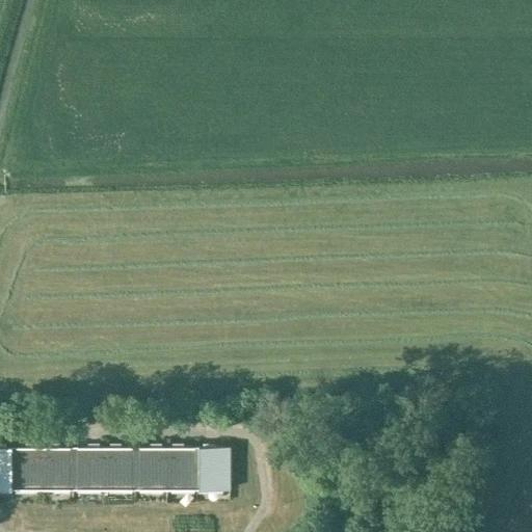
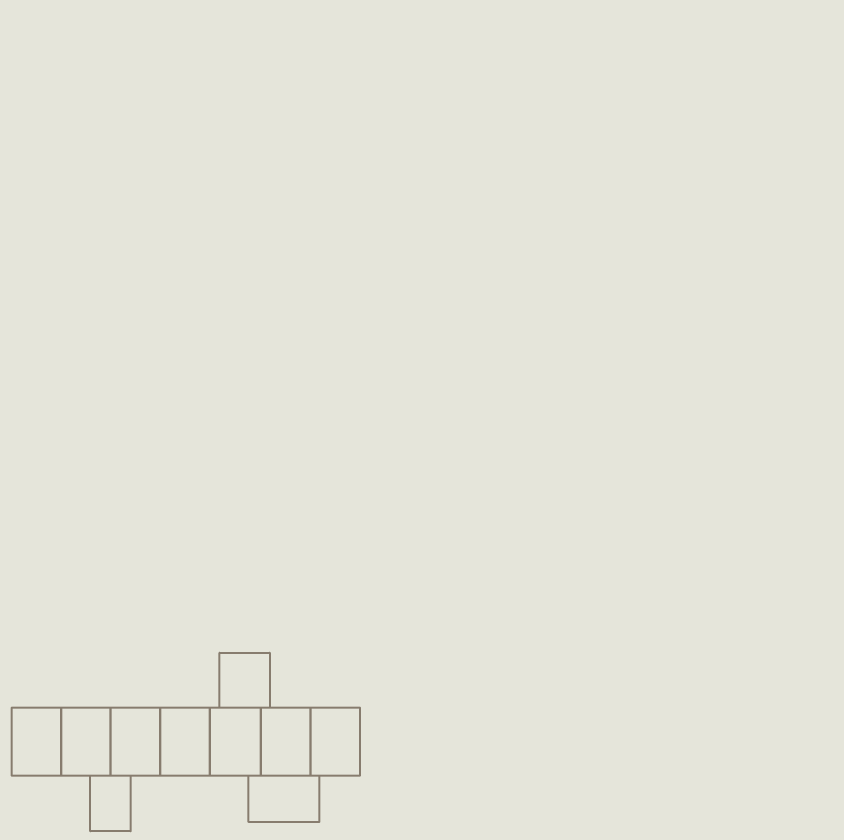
building: none -> [220,653,270,708]
building: none -> [90,776,131,831]
building: none -> [249,776,319,822]

